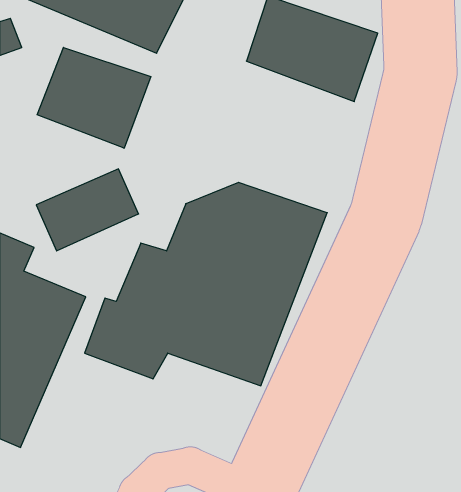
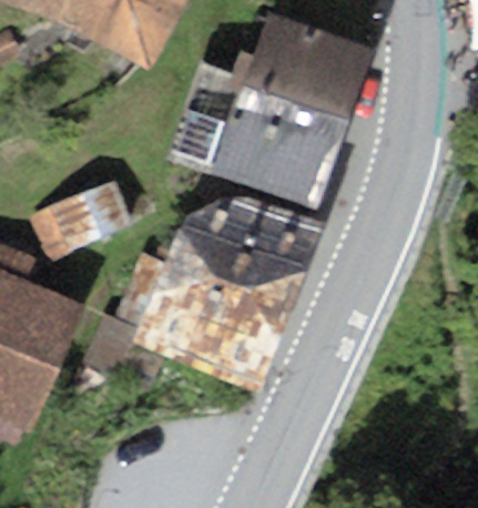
building: none -> [165,55,350,210]
building: [37,47,151,148] -> none

